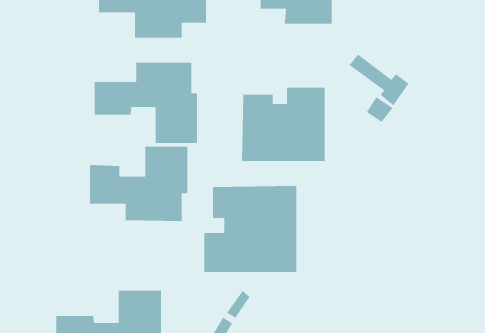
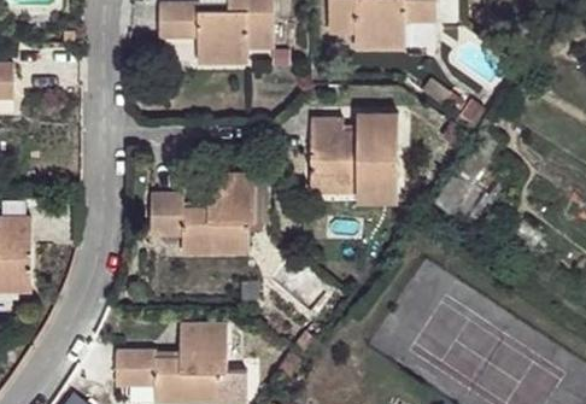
building: [94,62,198,144] -> none
building: [203,185,297,273] -> none

